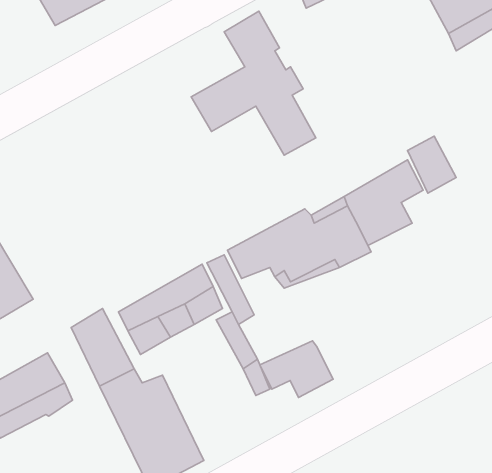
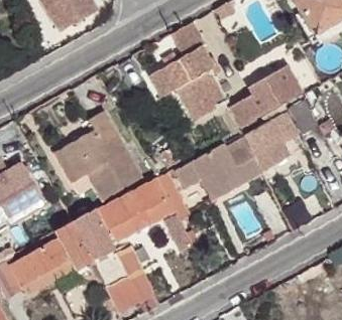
building: none -> [229,64,303,128]
building: none -> [54,114,138,200]
building: none -> [51,221,89,268]
building: [260,341,333,397] -> none

